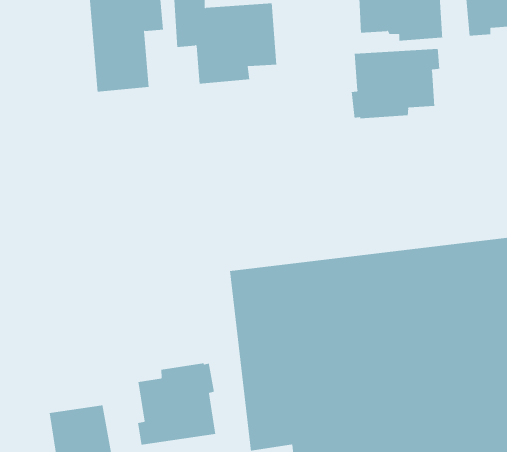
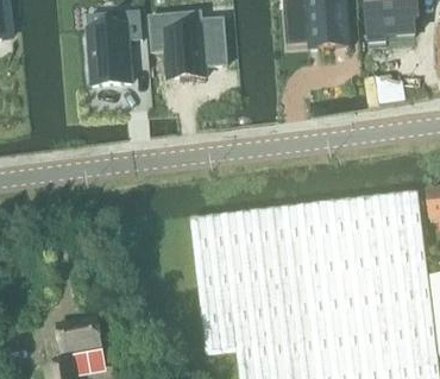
building: [351,48,440,119] -> none
building: [138,362,216,446] -> none

